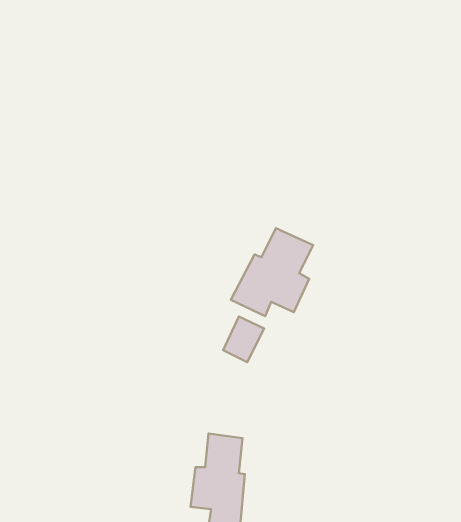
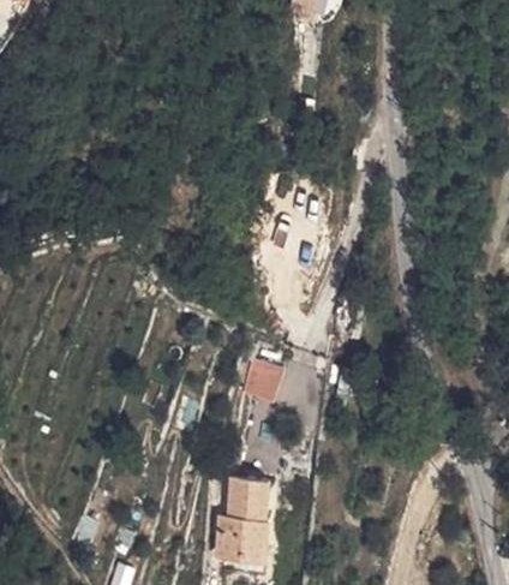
building: [231,228,313,316] -> none

